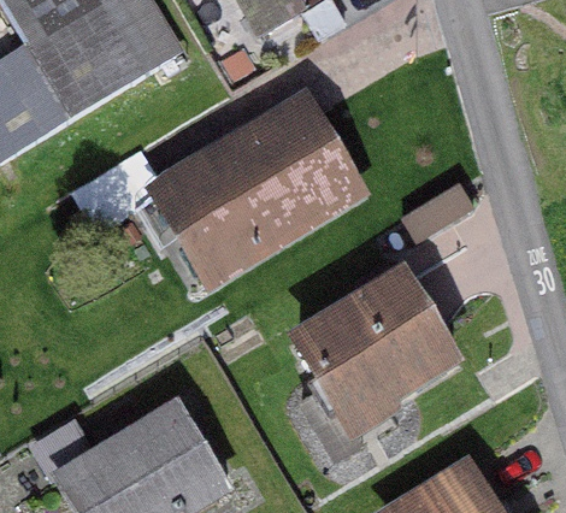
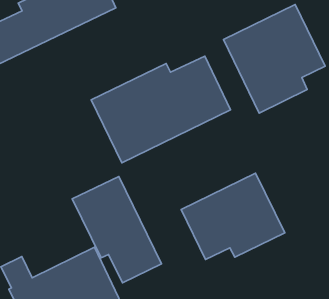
building: none -> [224,5,325,113]
building: none -> [72,176,162,283]

